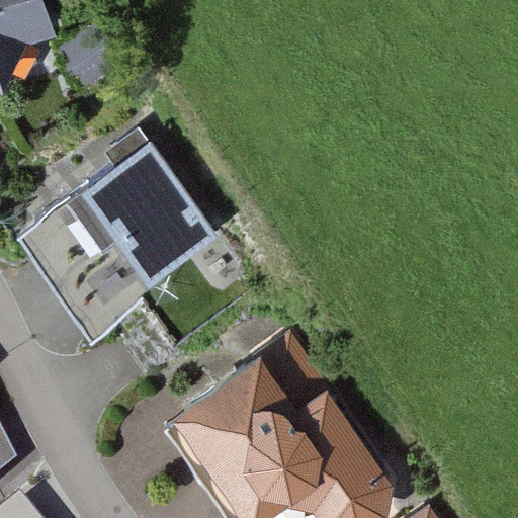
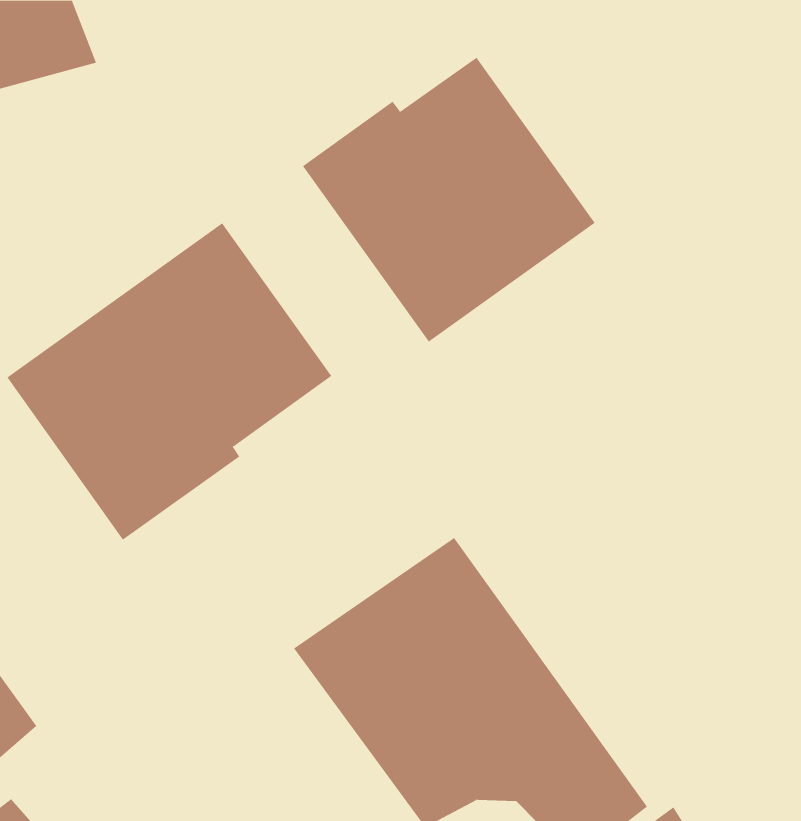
building: none -> [302,57,596,343]

